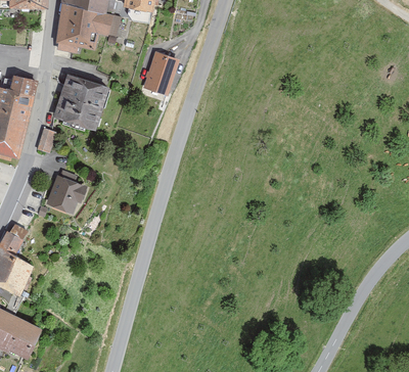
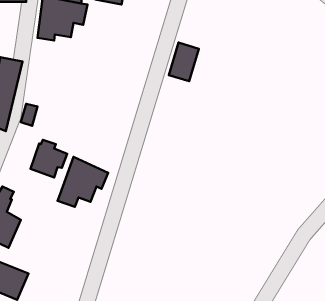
building: [143,50,178,95] -> [169,43,199,81]
building: [53,75,110,129] -> none
building: none -> [57,157,108,207]

